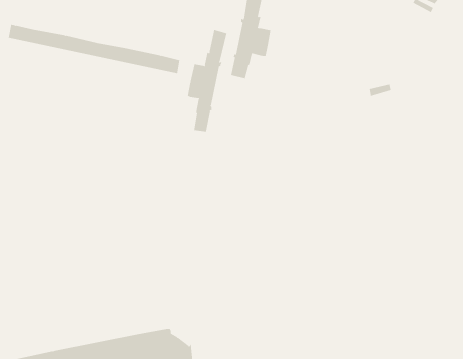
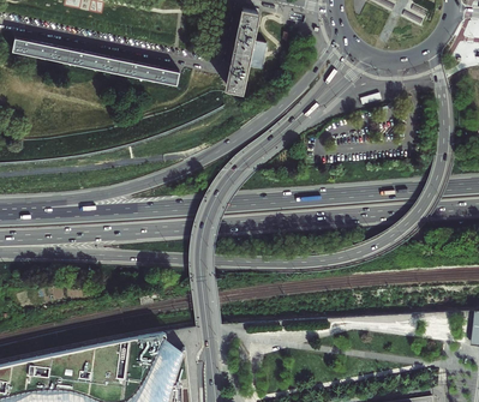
building: [187,29,227,132] -> none

